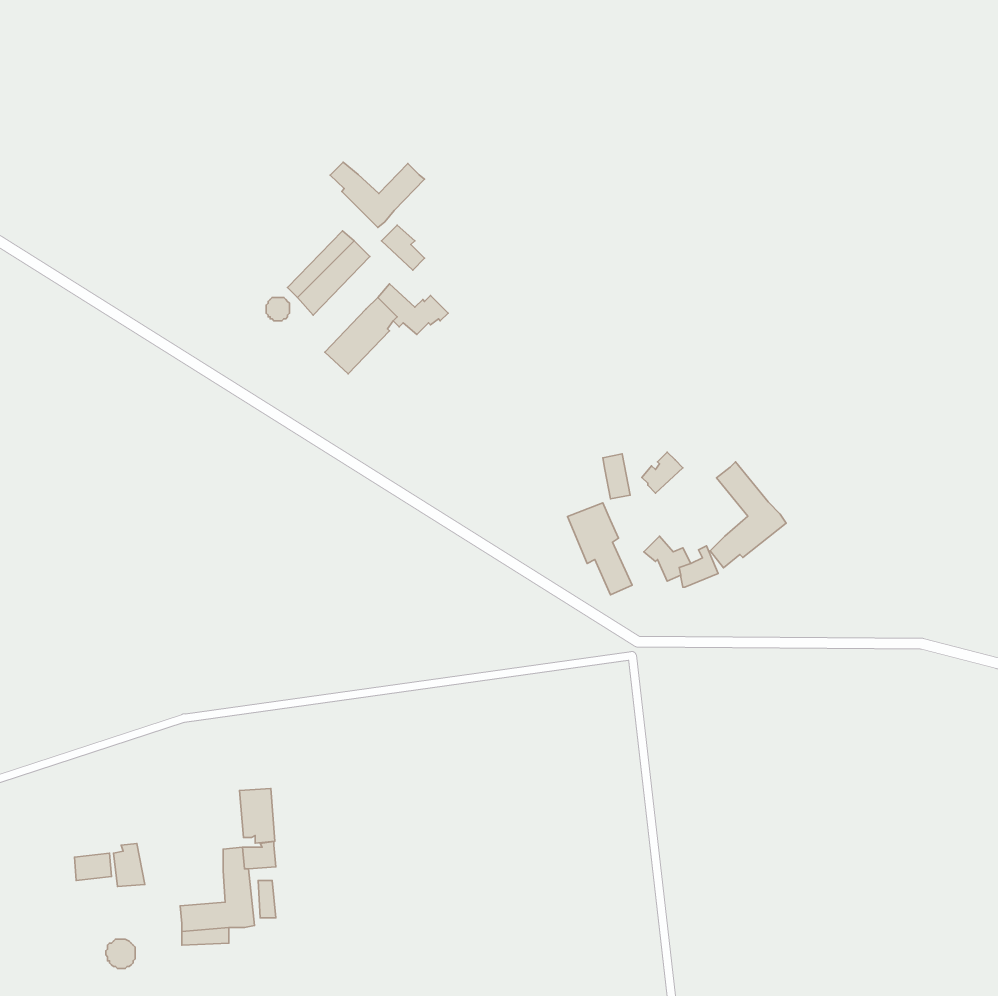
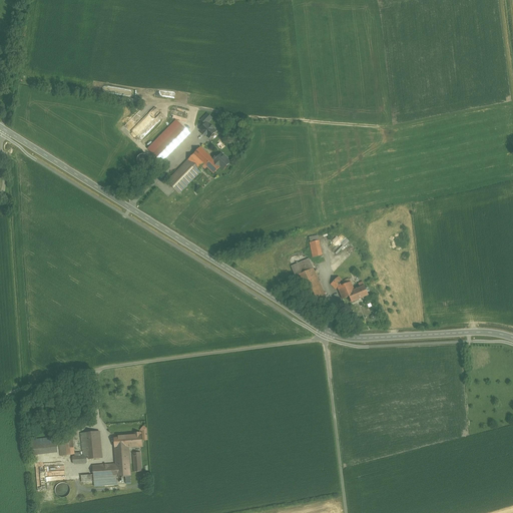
building: [330,162,424,228] -> none
building: [710,462,786,568] -> none
building: [240,788,275,843] -> [80,430,98,458]

